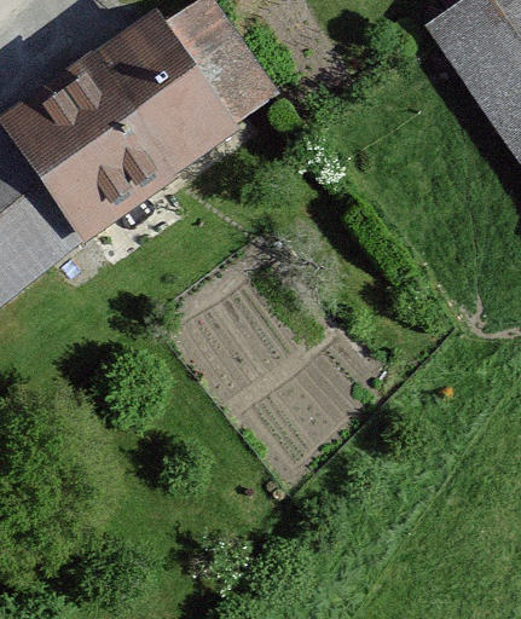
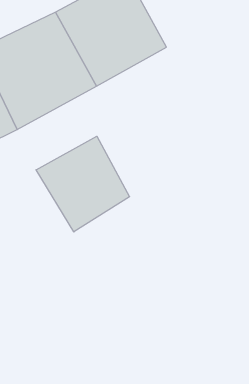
building: none -> [36,136,130,232]

